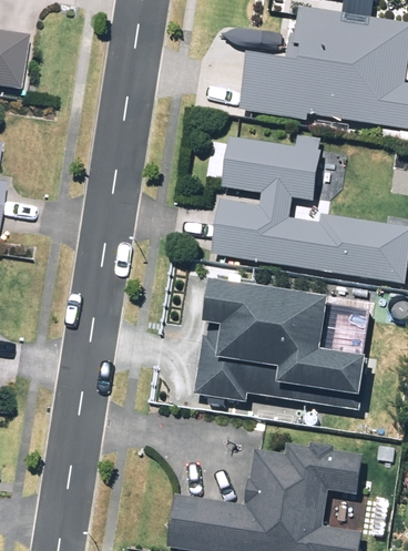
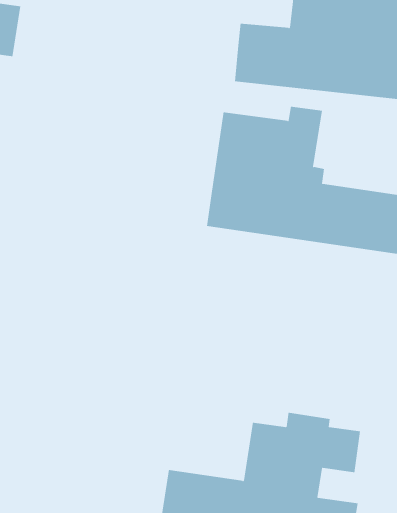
building: [196,283,370,407] -> none

